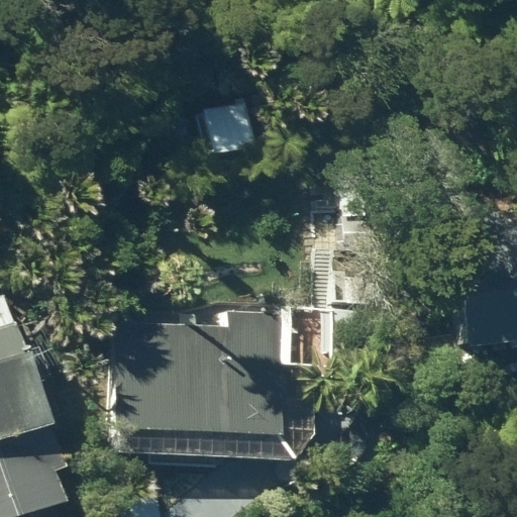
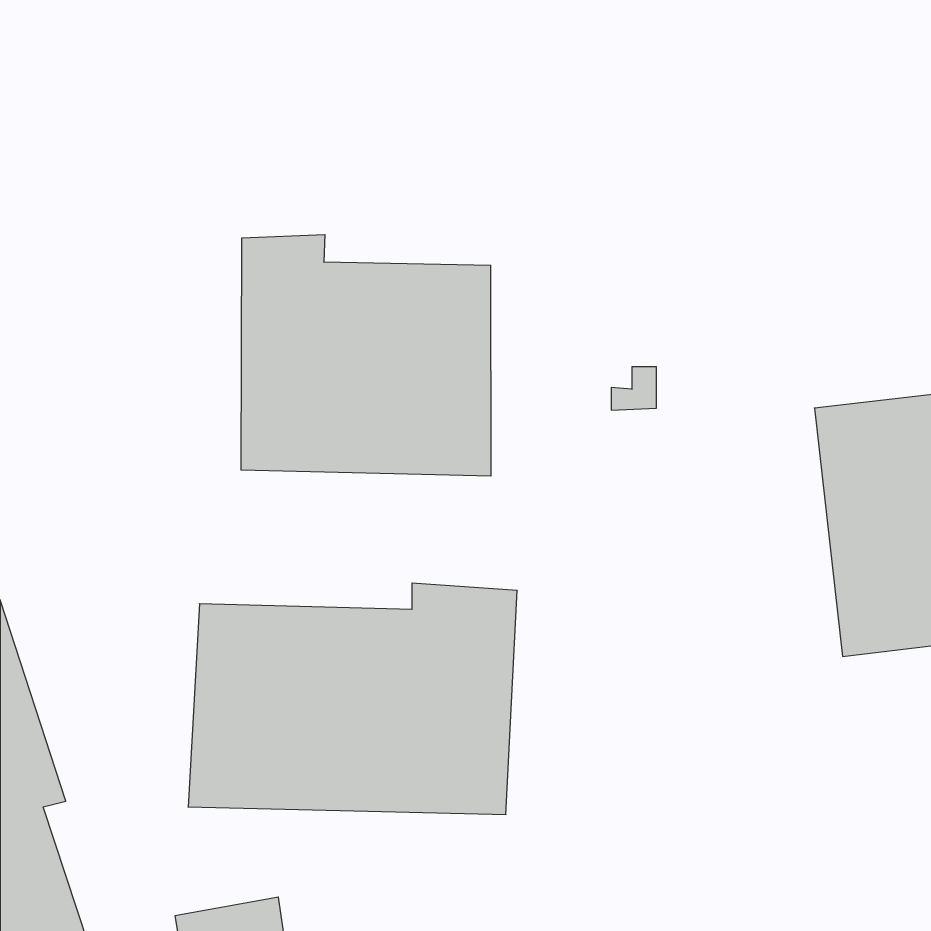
building: none -> [241,235,491,476]

